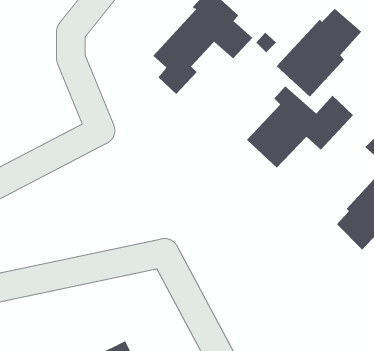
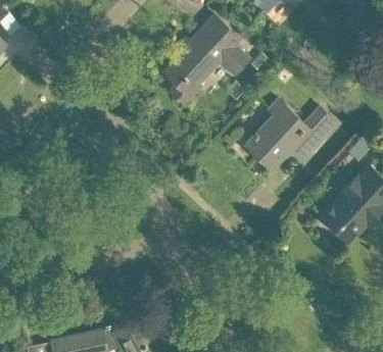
building: [276,8,362,98] -> none

